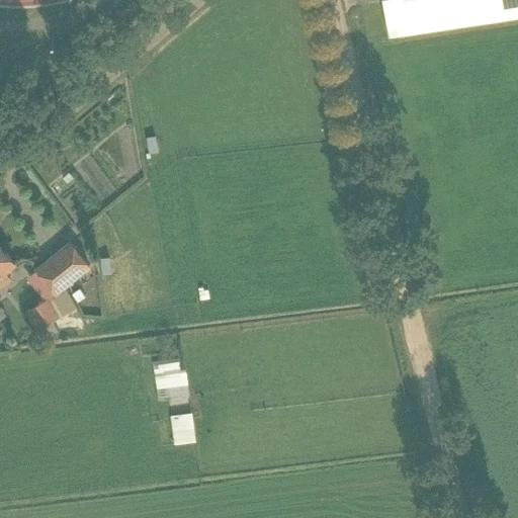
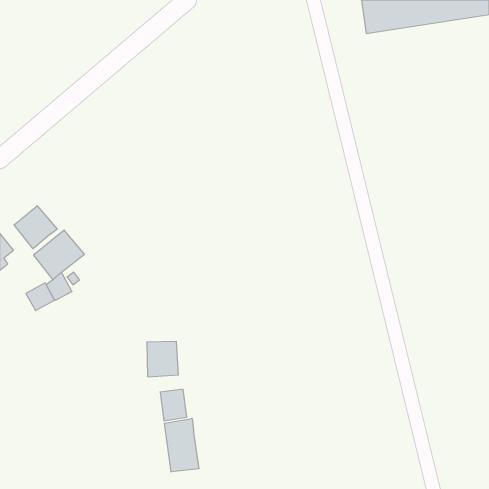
building: none -> [14,206,57,249]
building: none -> [164,418,199,472]

